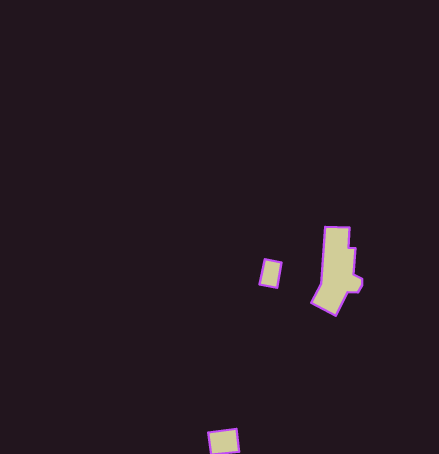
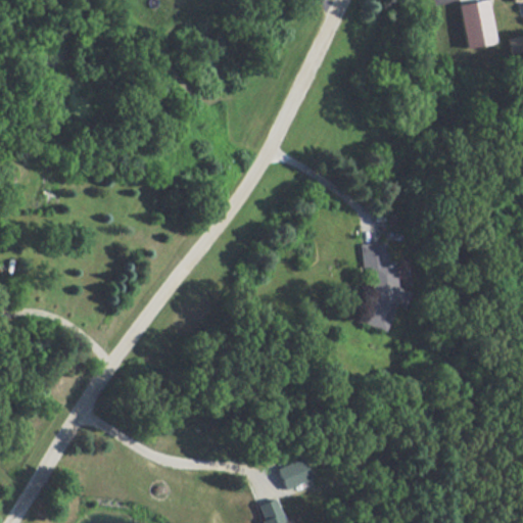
building: [259,259,282,288] -> none

